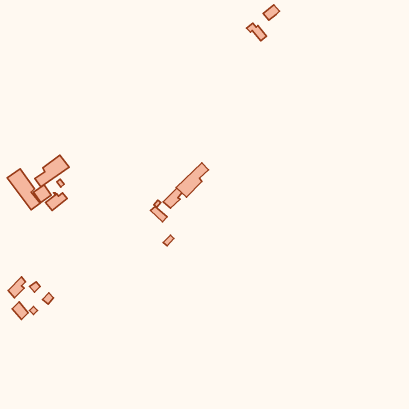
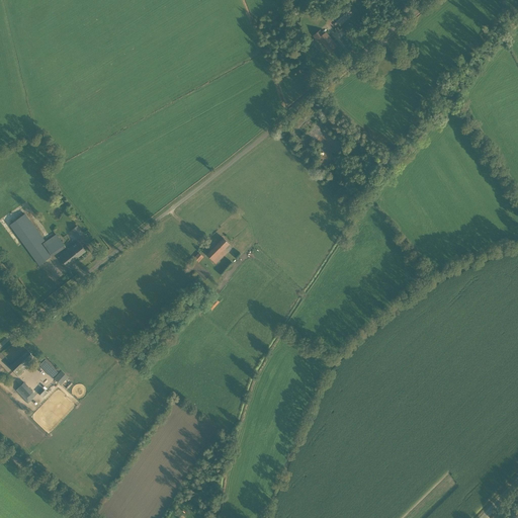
building: [35,155,69,187] -> none
building: [176,163,209,197] -> none

